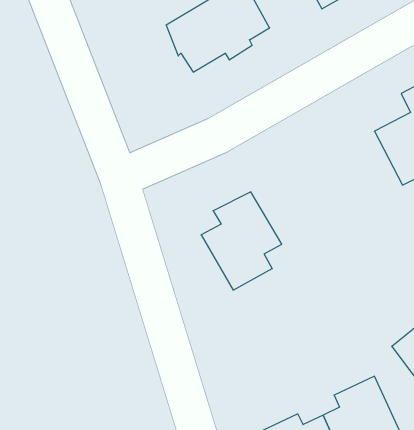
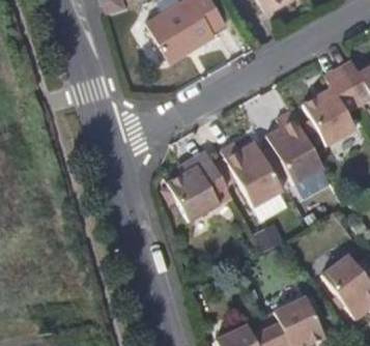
building: none -> [269,113,328,188]
building: none -> [224,144,284,212]

